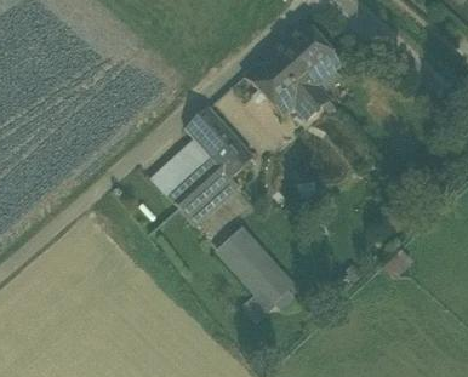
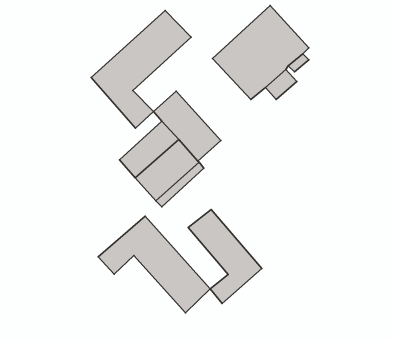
building: none -> [91,10,191,128]
building: none -> [98,216,210,313]

